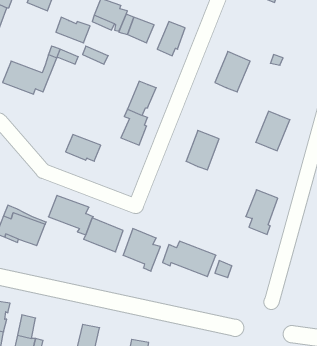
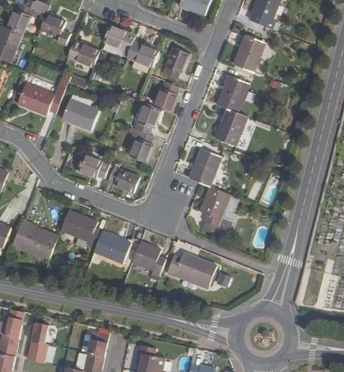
building: none -> [233,35,265,72]
building: none -> [153,81,178,113]
building: none -> [62,98,98,129]
building: [256,111,290,151] -> [215,109,247,146]
building: none -> [108,167,139,193]
building: [246,190,278,234] -> [199,186,229,228]

